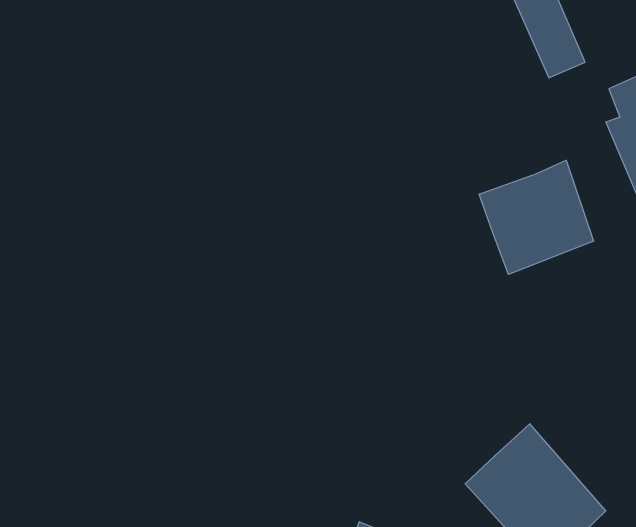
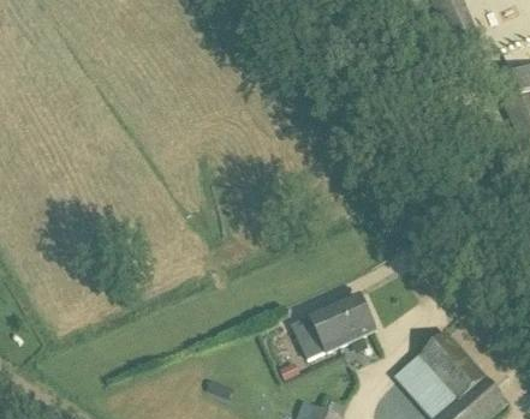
building: [479,160,594,274] -> none
building: none -> [292,294,371,354]

